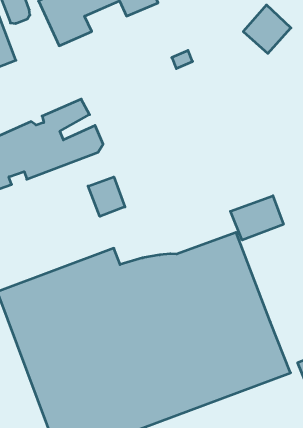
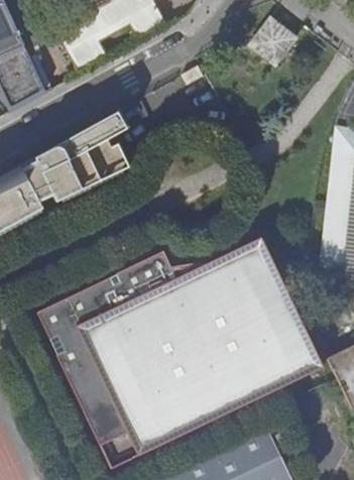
building: [88,177,125,216] -> none
building: [230,196,283,240] -> none

